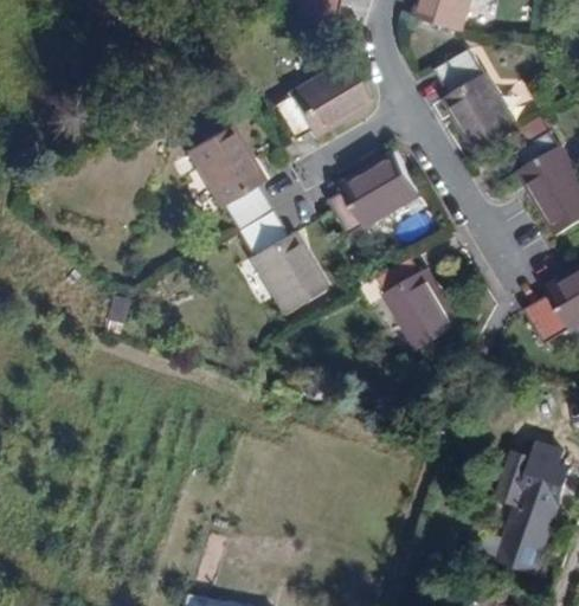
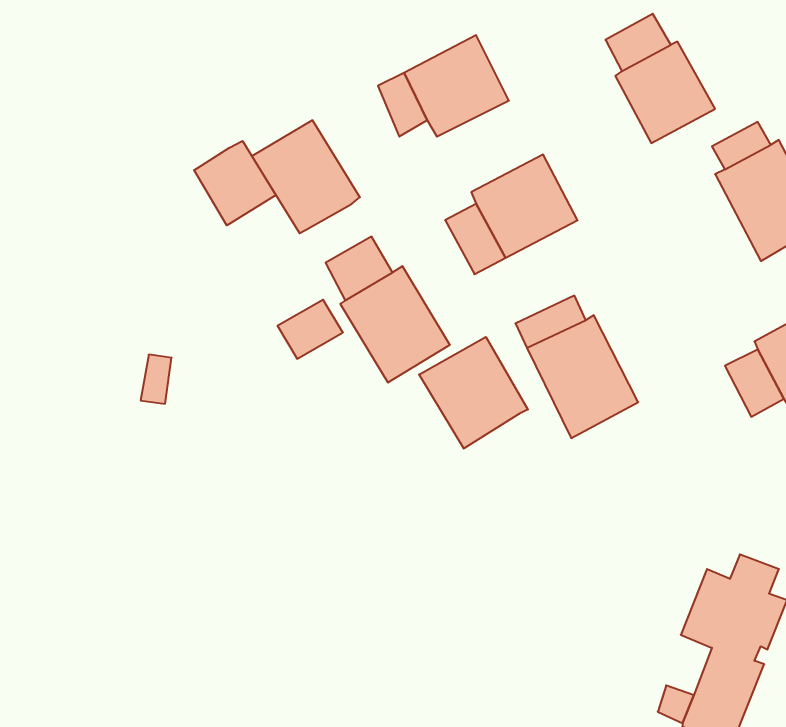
building: none -> [194,141,276,225]
building: [224,186,271,228] -> [277,300,343,359]
building: none -> [419,337,528,449]

